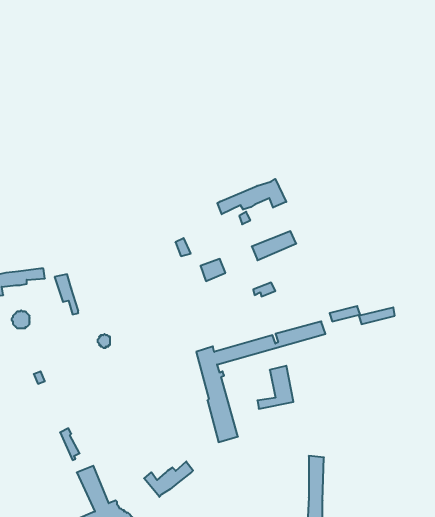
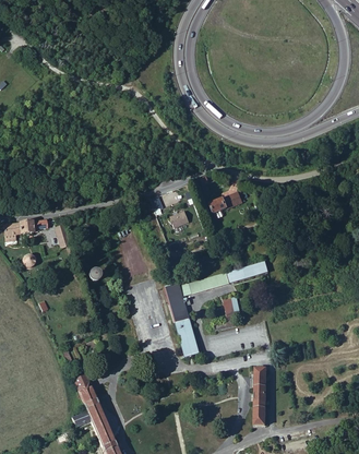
building: [217,179,286,214] -> none
building: [144,461,193,497] -> none

